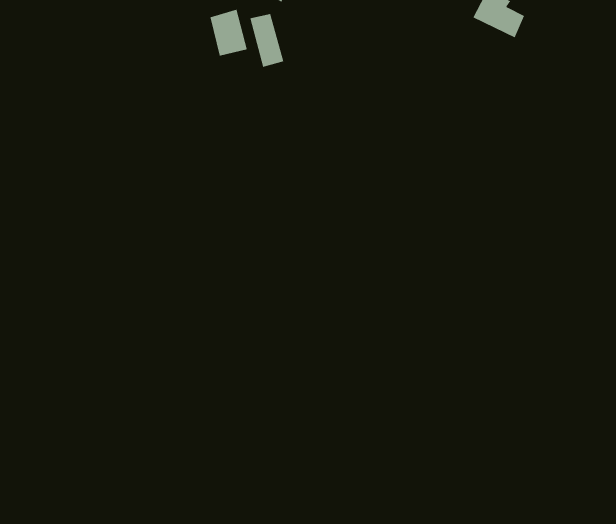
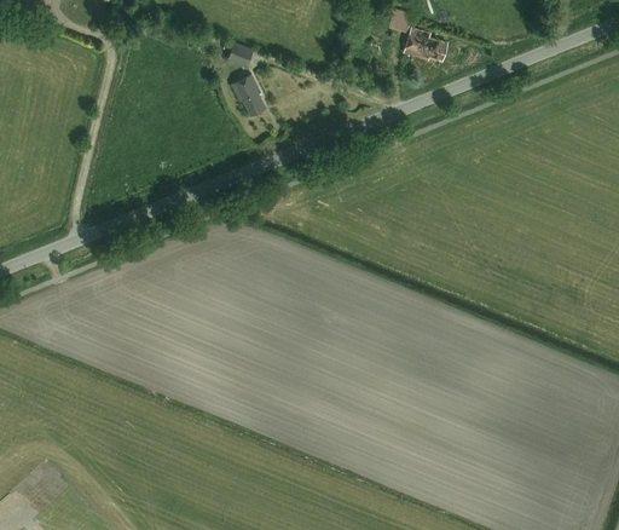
building: [210,9,247,57] -> none

